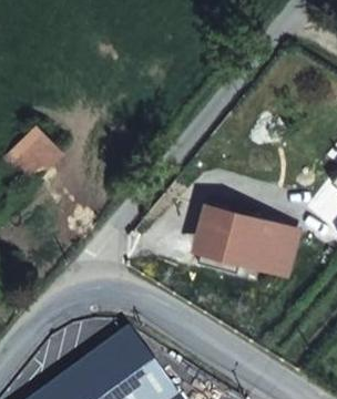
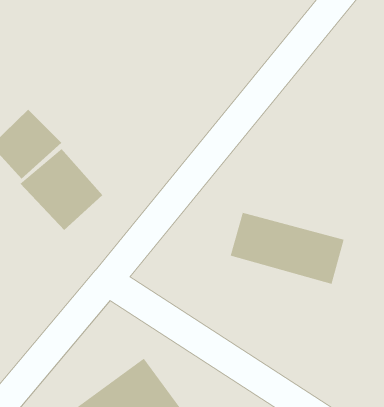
building: none -> [20,148,103,231]

